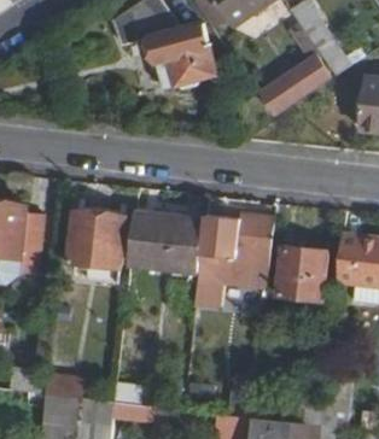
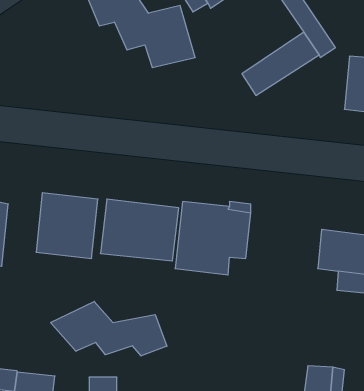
building: [276,247,322,299] -> none
building: none -> [51,301,167,356]

